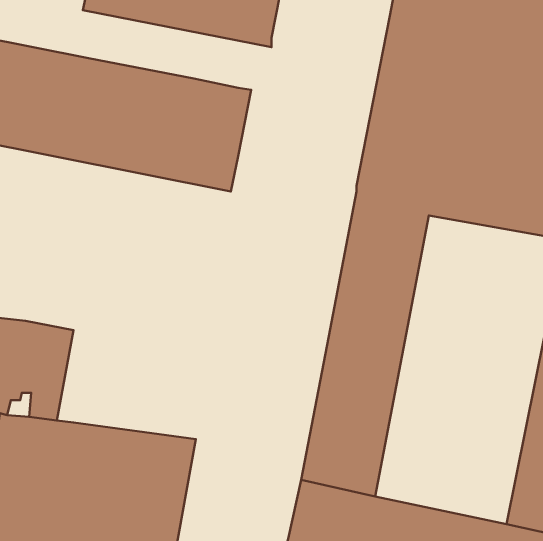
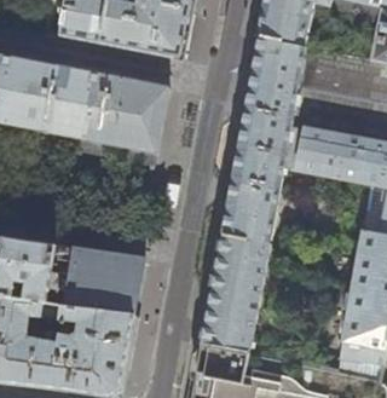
building: none -> [51,247,141,316]

